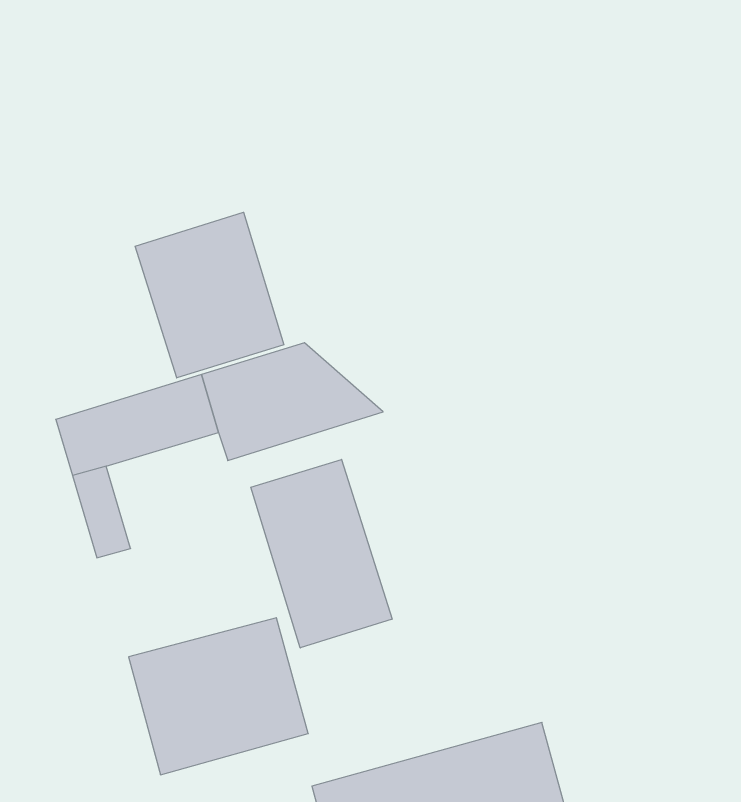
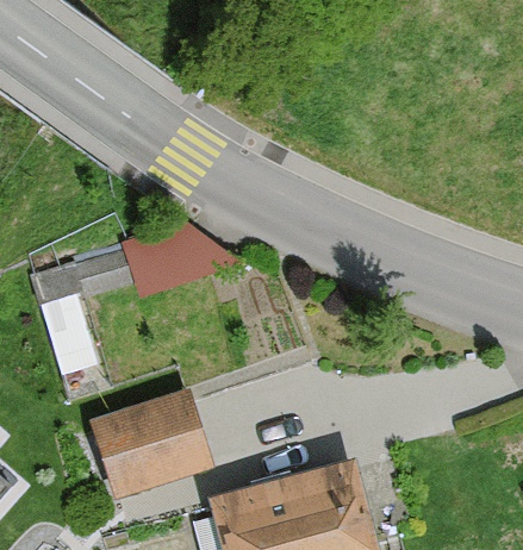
building: [135,212,284,378] -> none
building: [251,459,392,648] -> none

